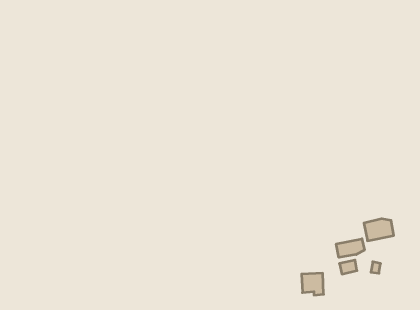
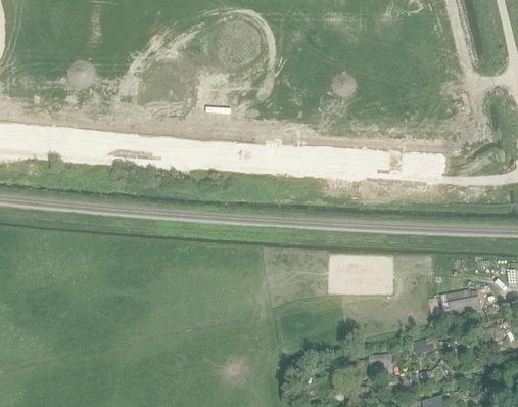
building: [336,239,364,257] -> none

